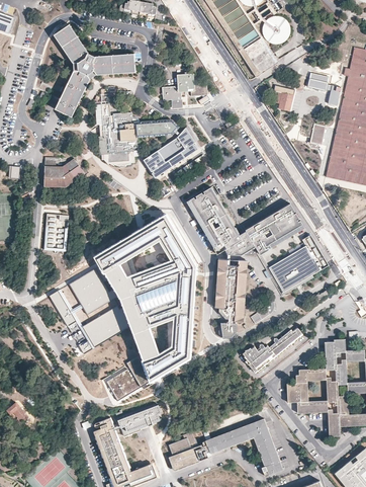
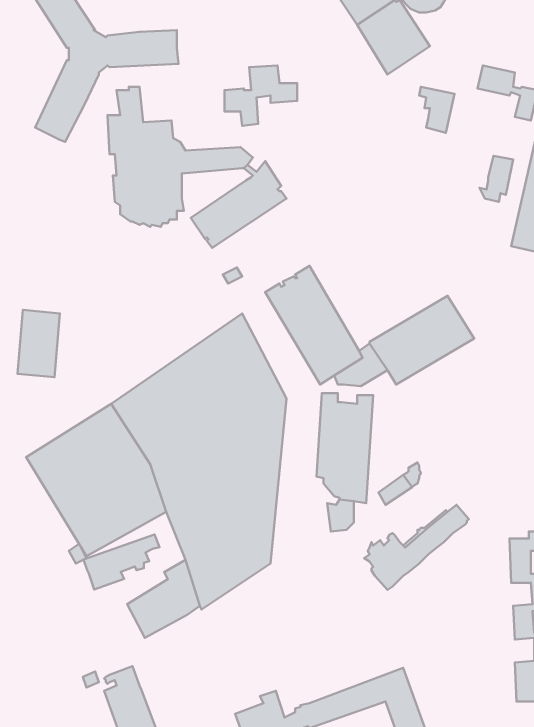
building: [42,158,83,187] -> none
building: [270,237,328,292] -> none
building: [287,369,328,413] -> none
building: [117,405,161,436] -> [84,535,160,590]

